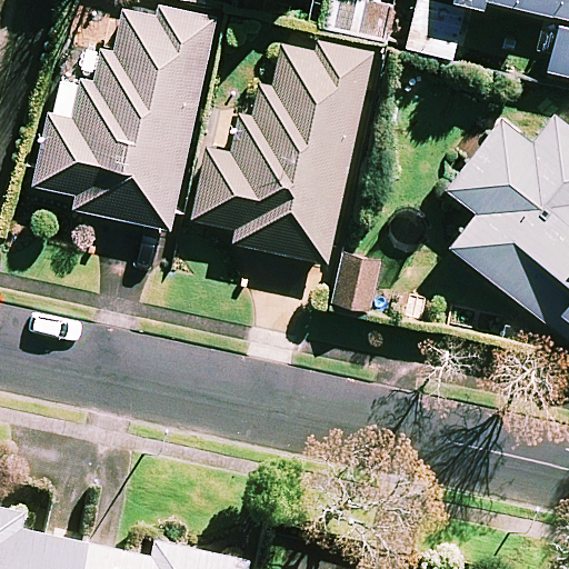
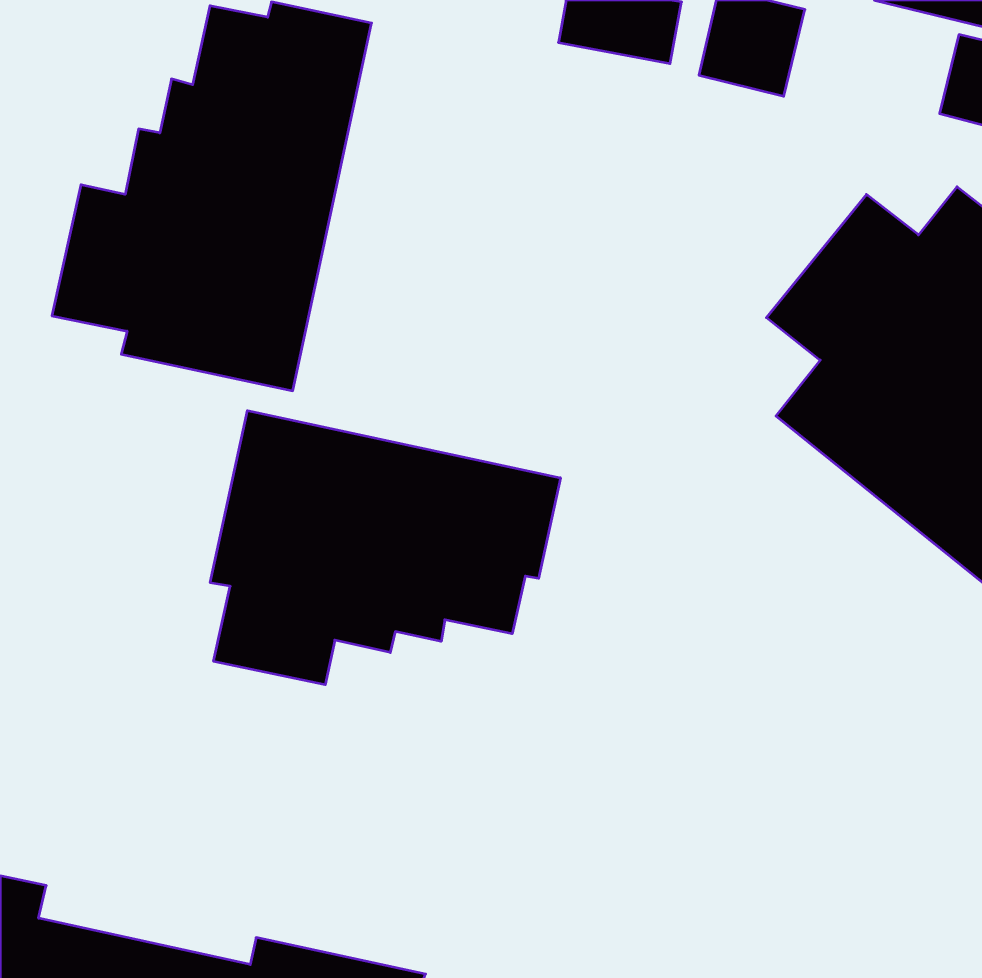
building: [190,39,372,263] -> none
building: none -> [210,411,560,685]

